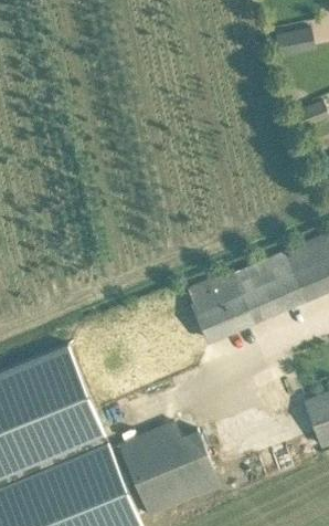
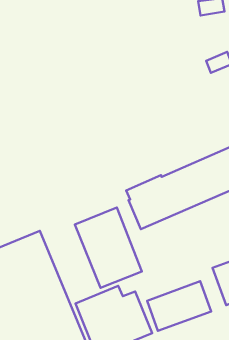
building: none -> [75,207,142,288]
building: none -> [147,281,211,331]

